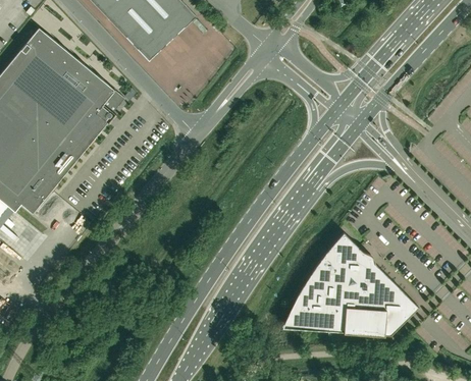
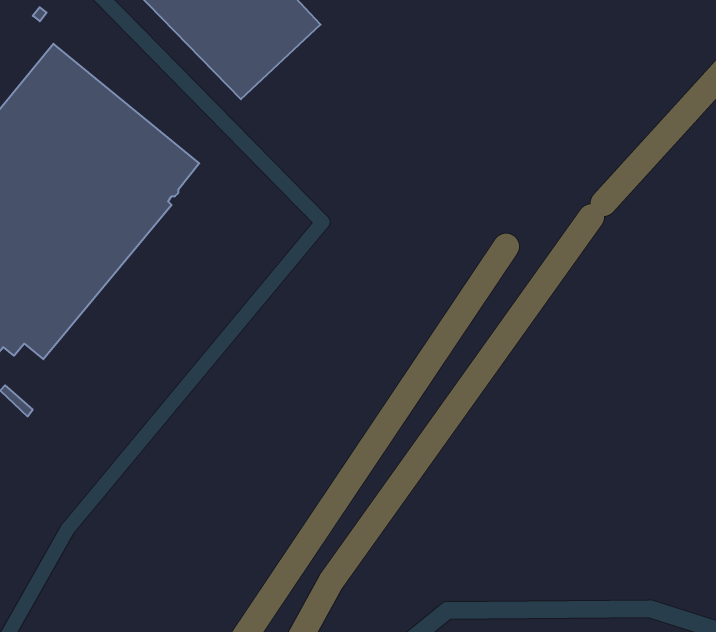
building: [282,232,418,335] -> none

